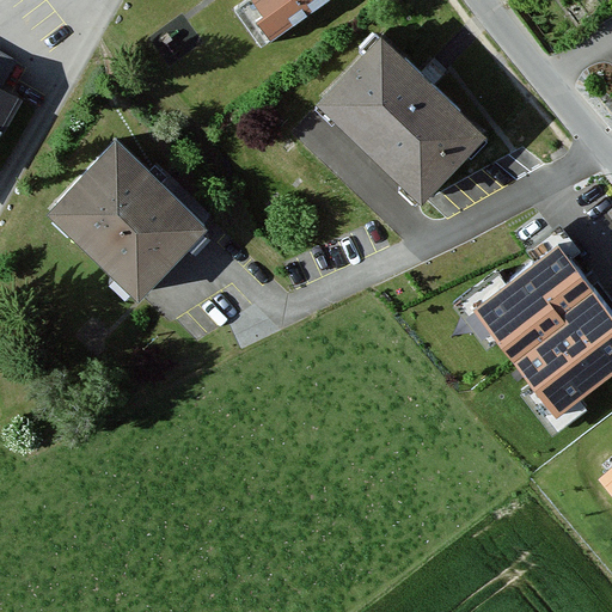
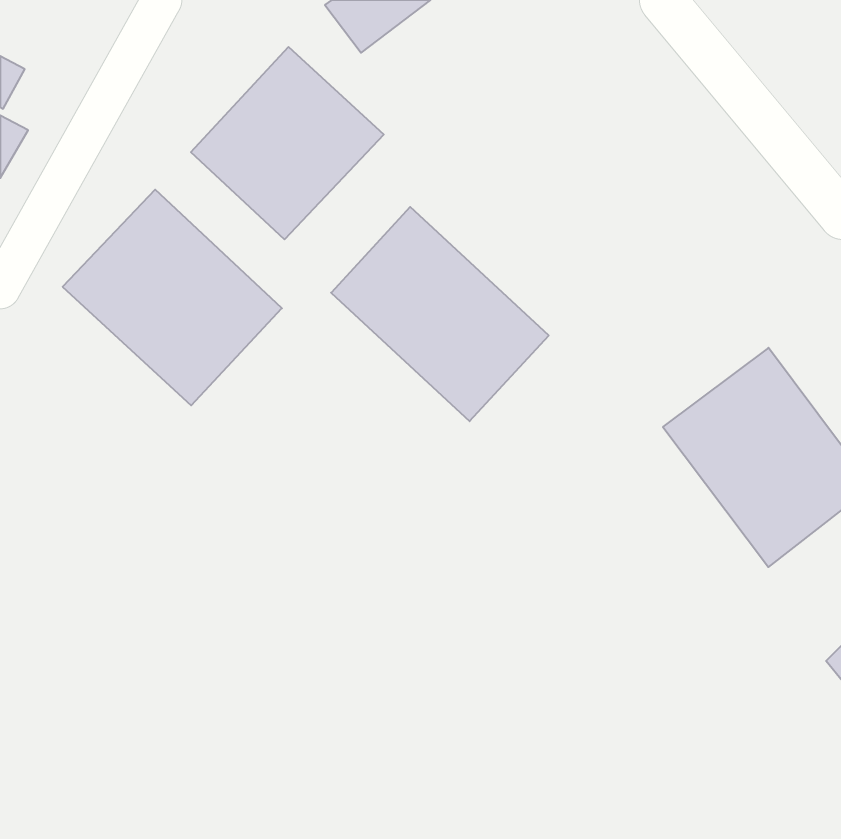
building: none -> [191,47,384,239]
building: [325,48,483,203] -> [331,207,549,421]

